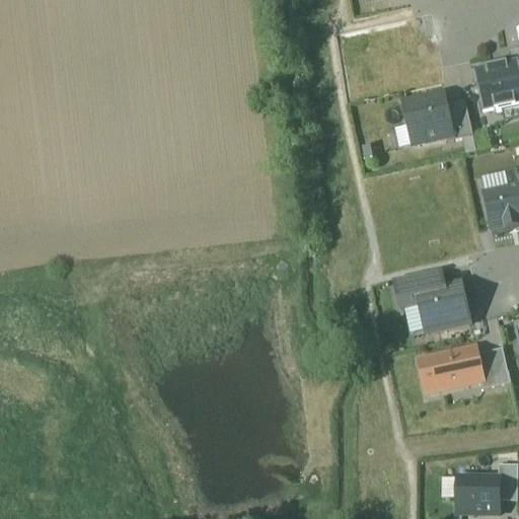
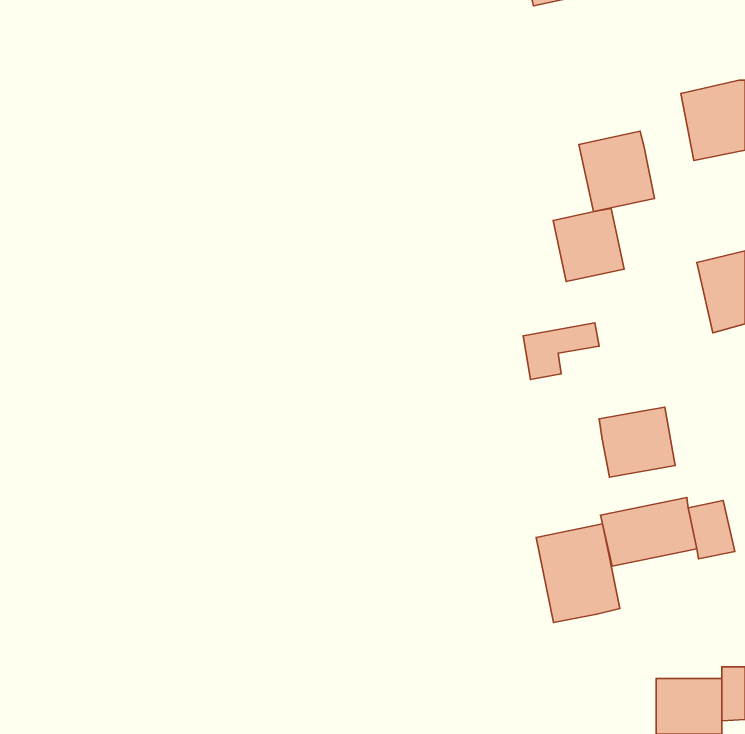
building: [448,100,472,138] -> none
building: none -> [553,208,624,281]
building: [392,270,445,309] -> [523,323,599,380]
building: none -> [536,524,620,622]

